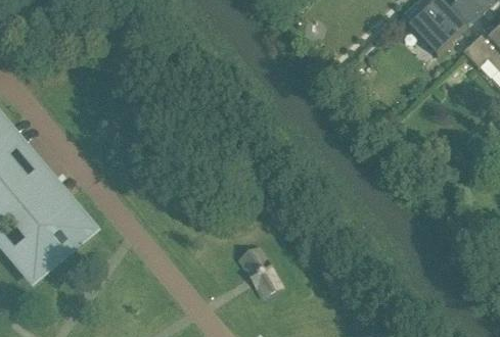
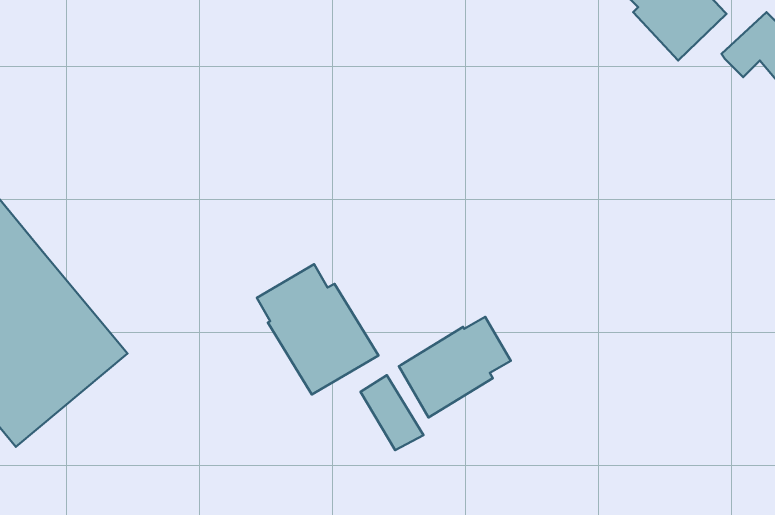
building: none -> [257,264,378,394]
building: none -> [399,317,511,418]

